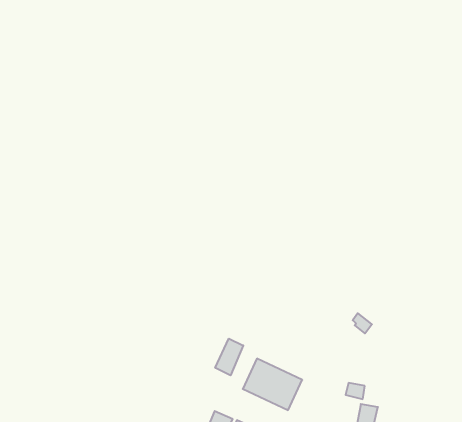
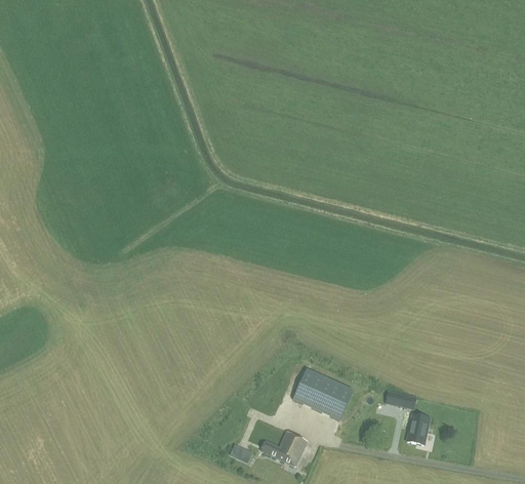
building: [215,339,243,375] -> none

